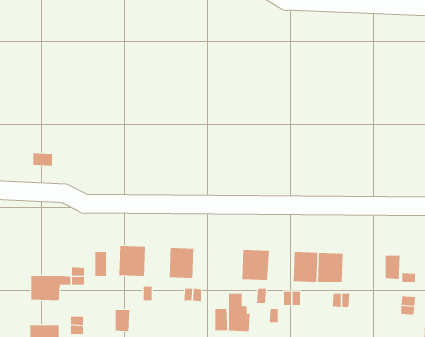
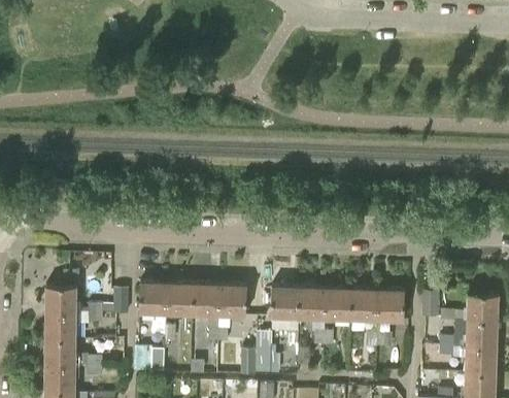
building: none -> [167,284,194,317]
building: none -> [218,286,246,319]
building: none -> [45,287,77,314]
building: none -> [298,288,326,321]
building: none -> [377,291,403,323]
building: none -> [44,340,76,367]

